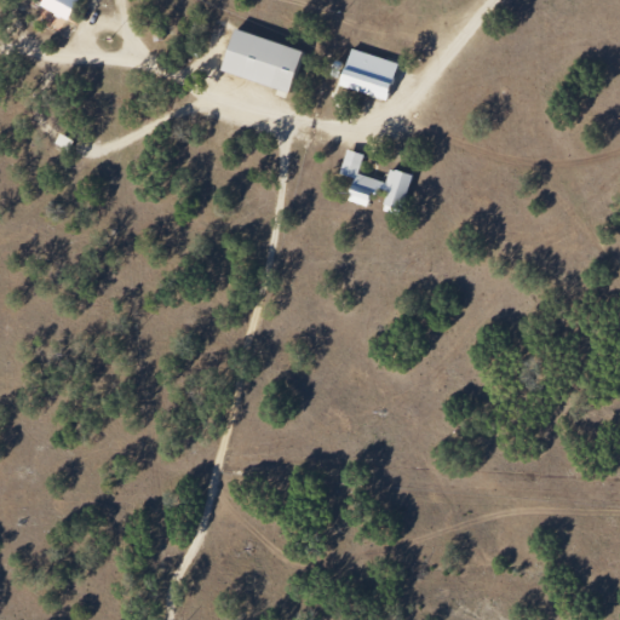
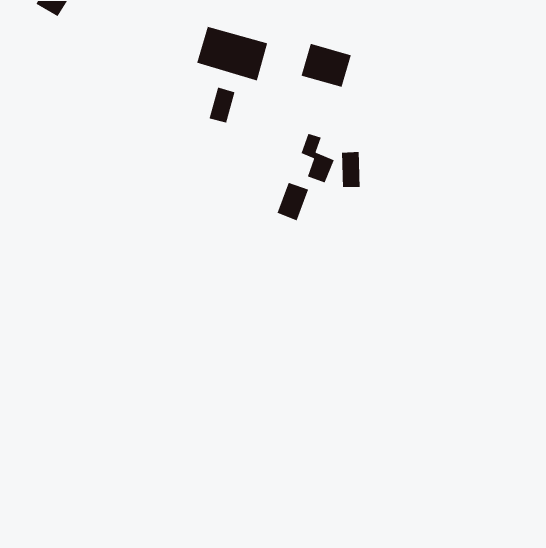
building: none -> [208,86,236,124]
building: none -> [276,182,309,221]

